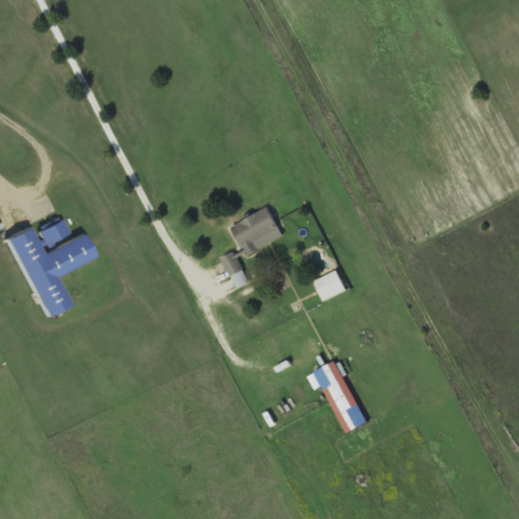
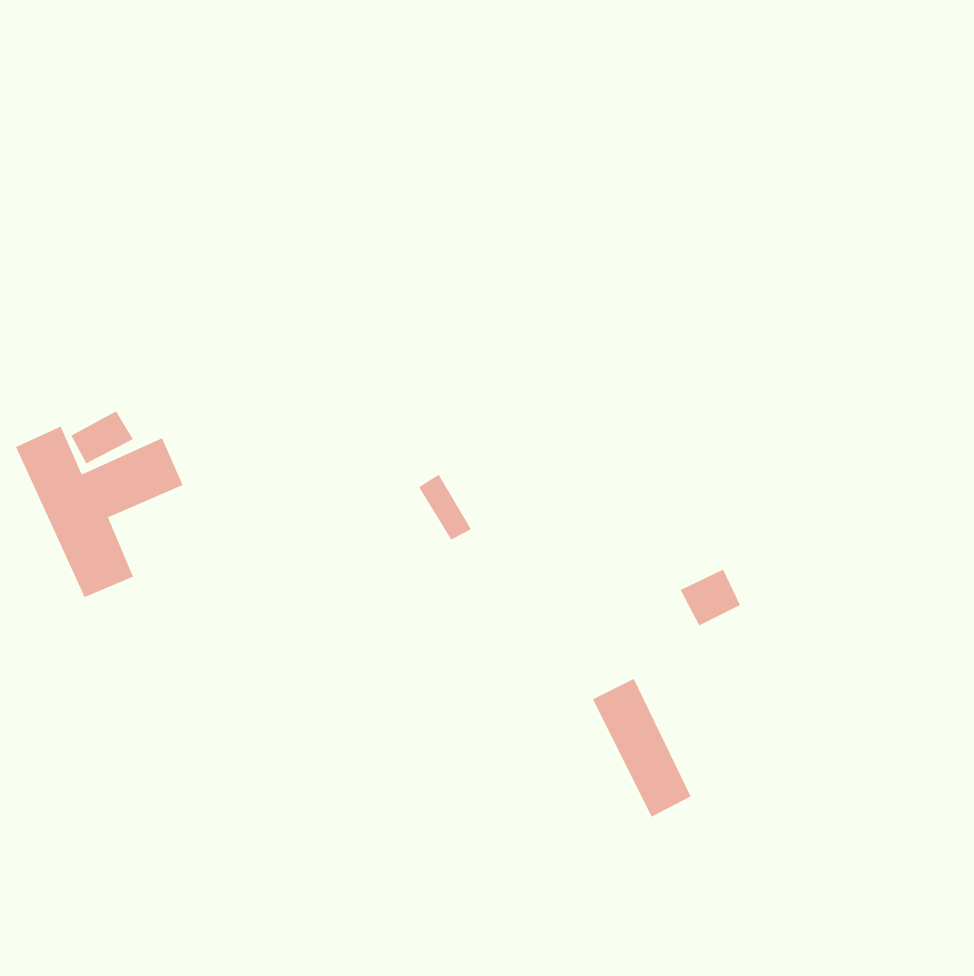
building: [230,207,280,254] -> none
building: [313,270,346,300] -> [680,569,741,626]

